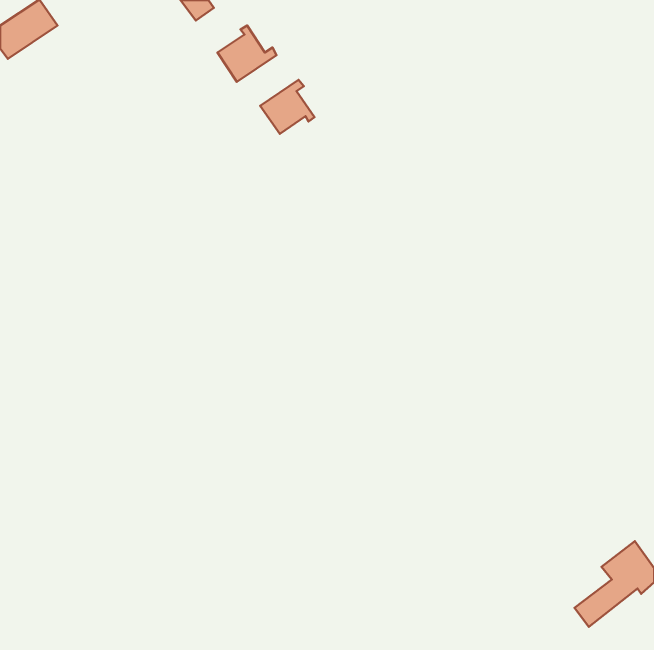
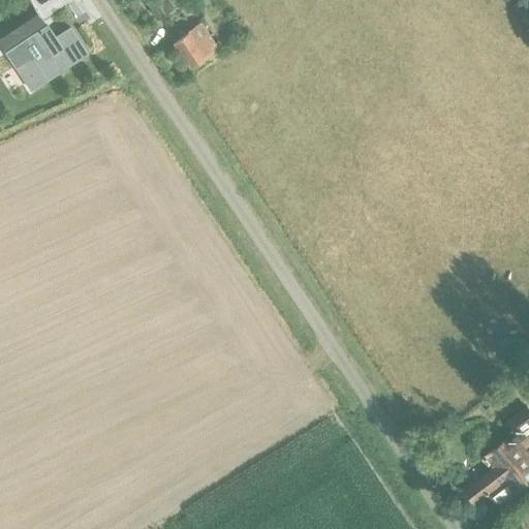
building: none -> [17,28,87,92]
building: [260,80,314,134] -> none

